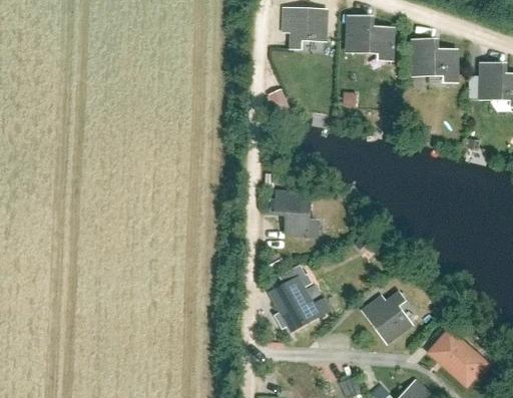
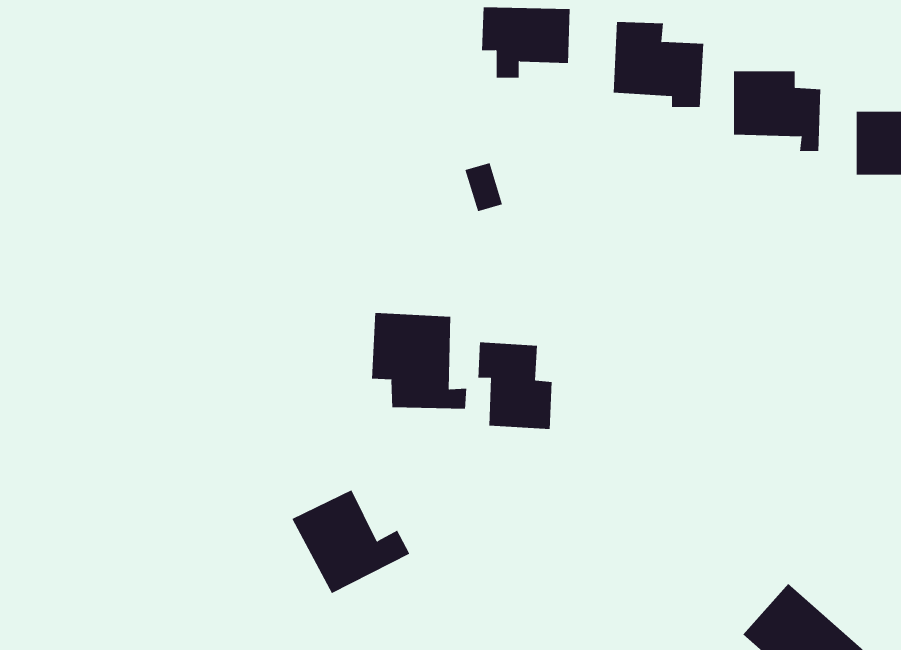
building: none -> [371,312,467,410]
building: [266,273,331,330] -> [291,490,410,594]
building: [359,289,413,346] -> none

